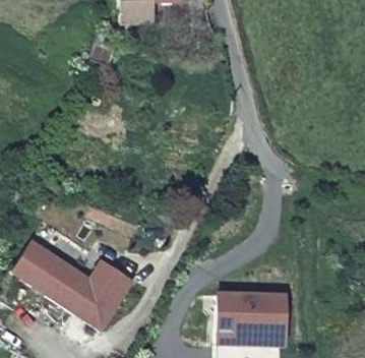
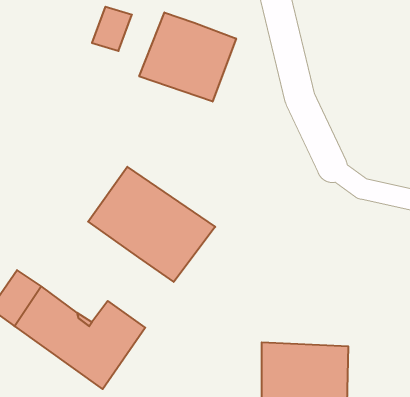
building: none -> [139,12,236,102]
building: none -> [88,167,215,282]

